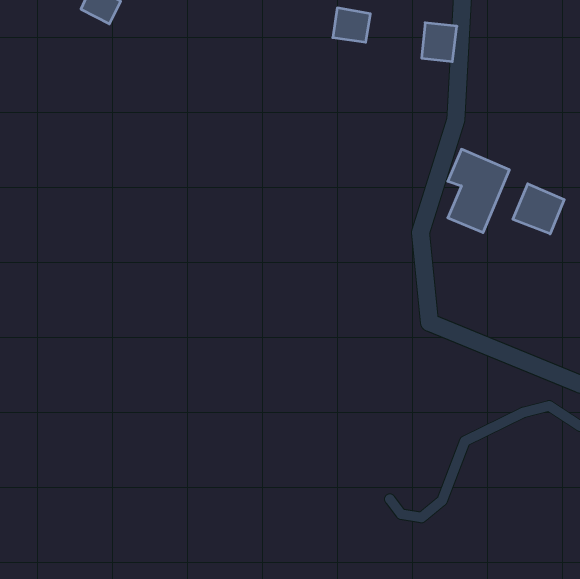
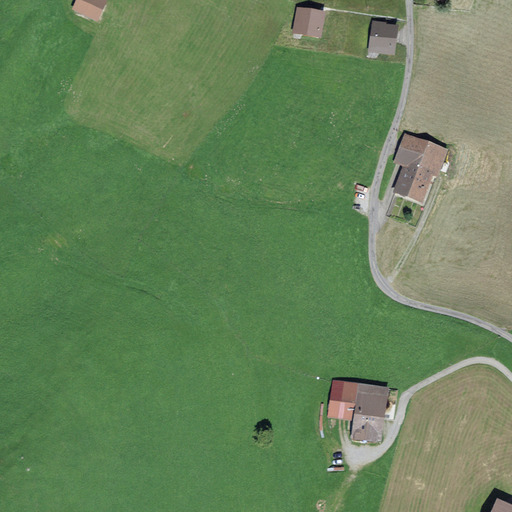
building: [513,184,564,234] -> none
building: none -> [327,380,388,441]

